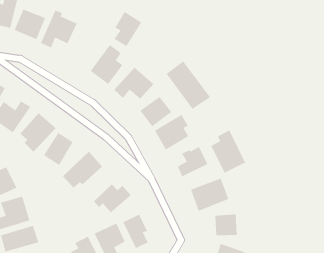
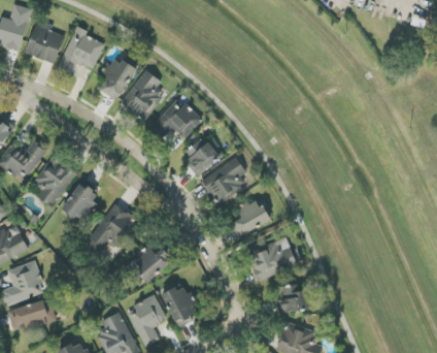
building: [114,11,142,47] -> [100,55,136,100]
building: [166,61,211,110] -> none
building: [210,130,246,174] -> none

